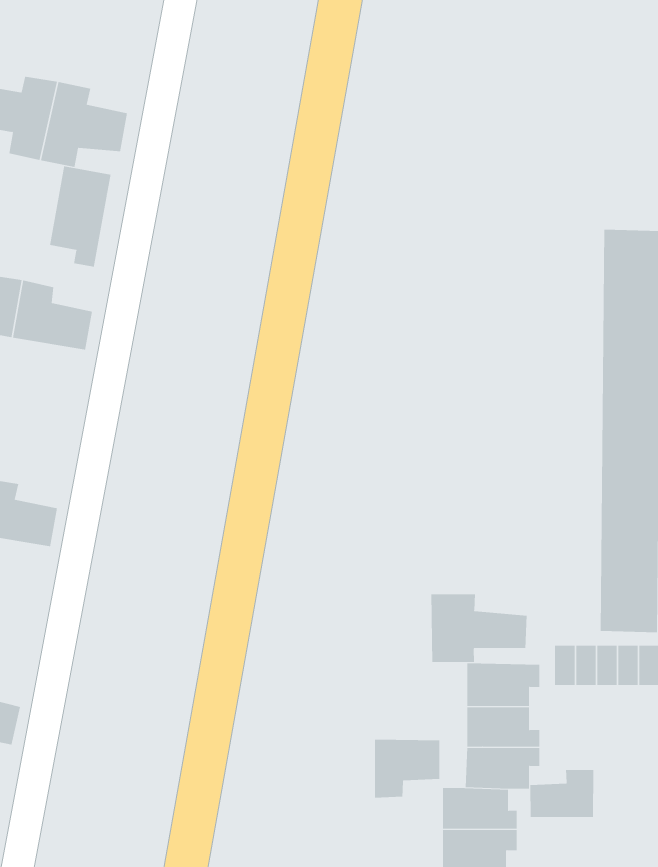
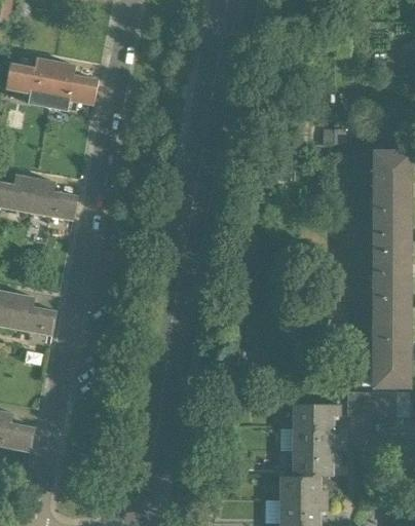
building: [49,166,111,267] -> none
building: [431,594,527,663] -> none
building: [374,739,440,798] -> none
building: [530,769,594,818] -> none

